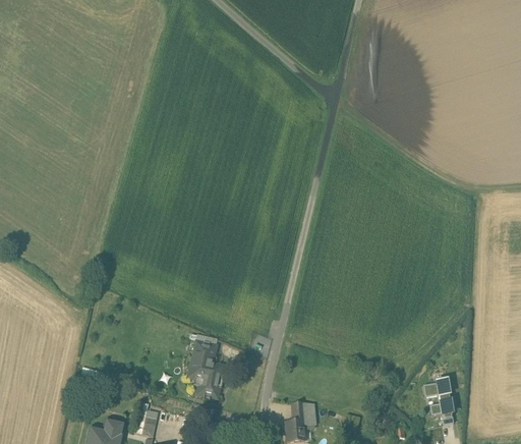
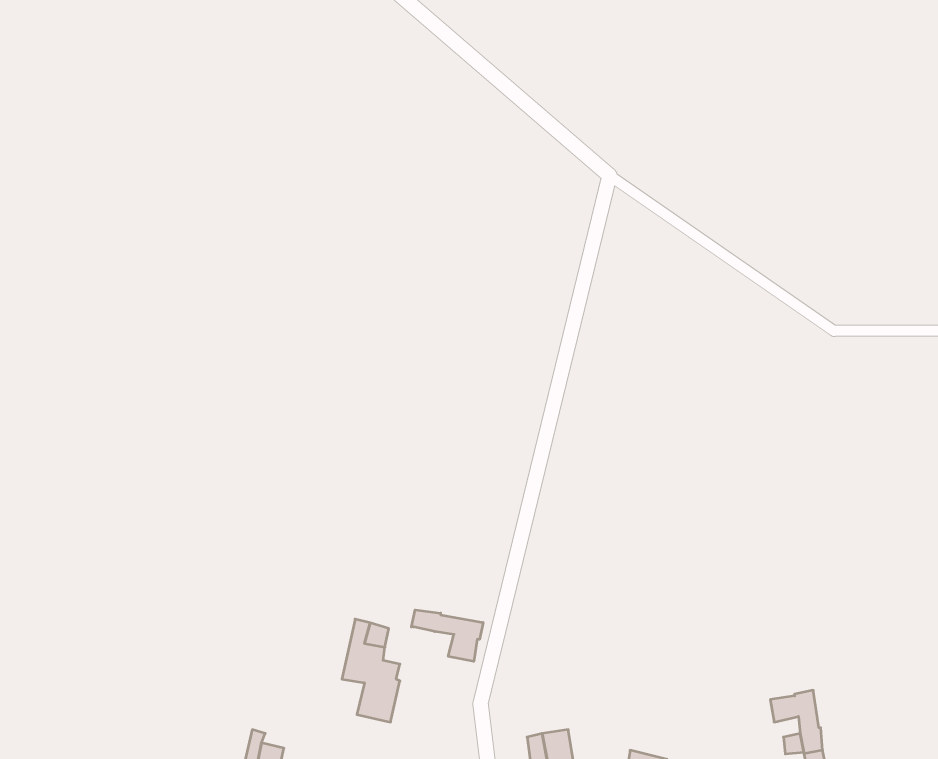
building: none -> [411,610,483,661]

